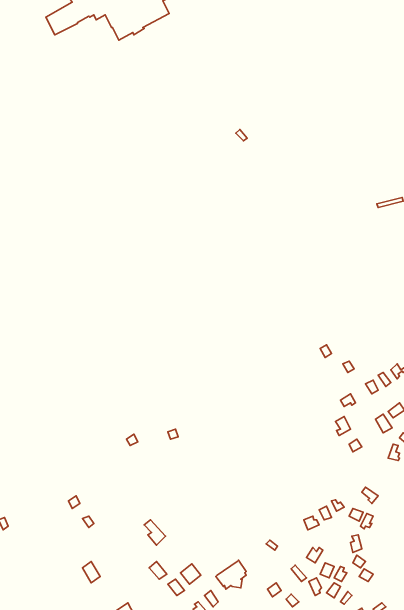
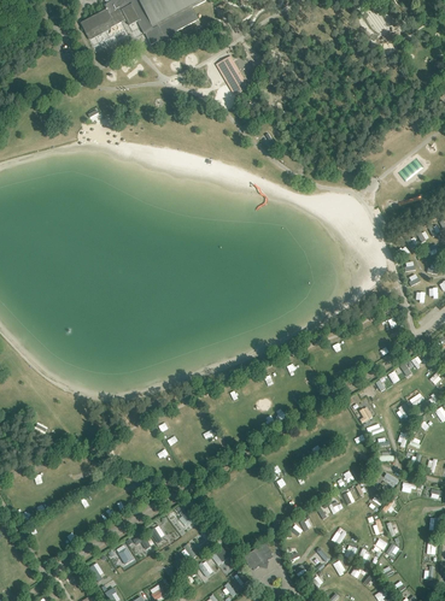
building: none -> [216,55,250,95]

